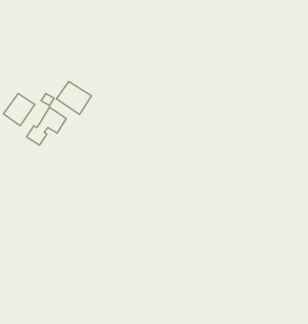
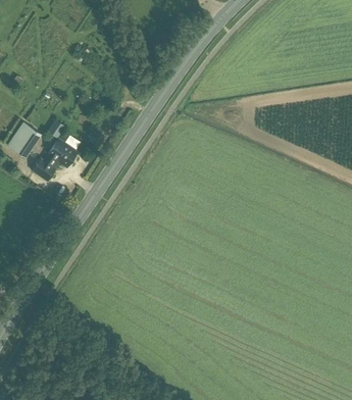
building: [57,81,91,114] -> none

